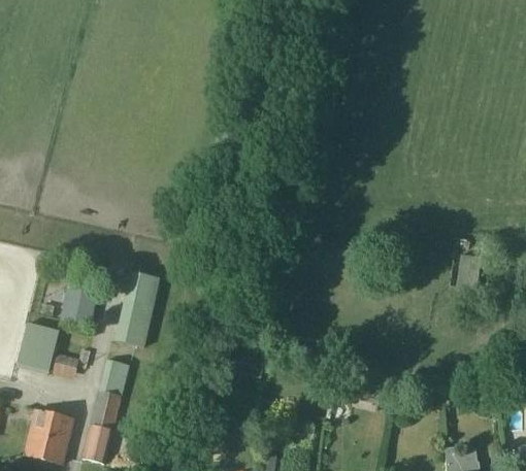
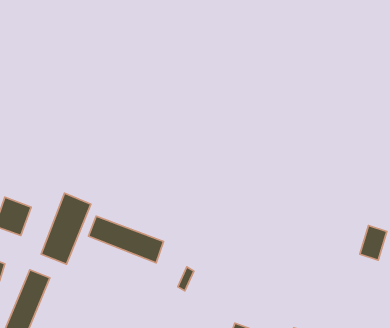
building: none -> [88,216,164,263]

